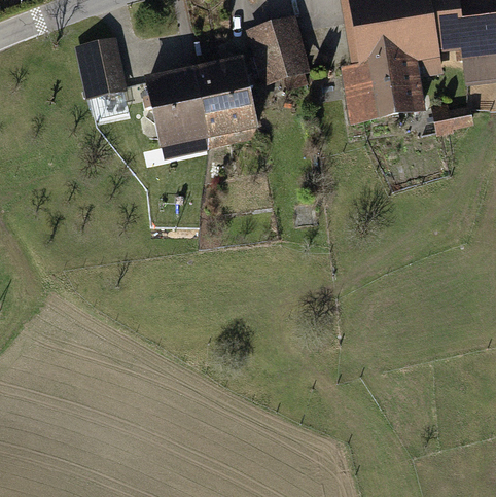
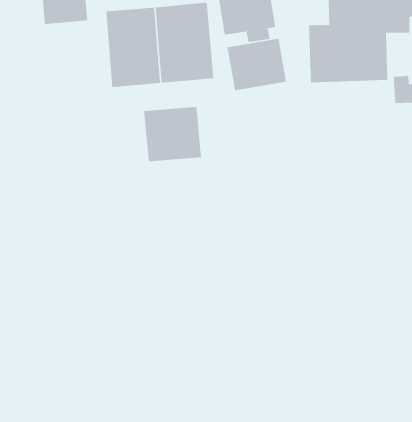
building: none -> [227,38,287,91]
building: none -> [144,106,201,162]

